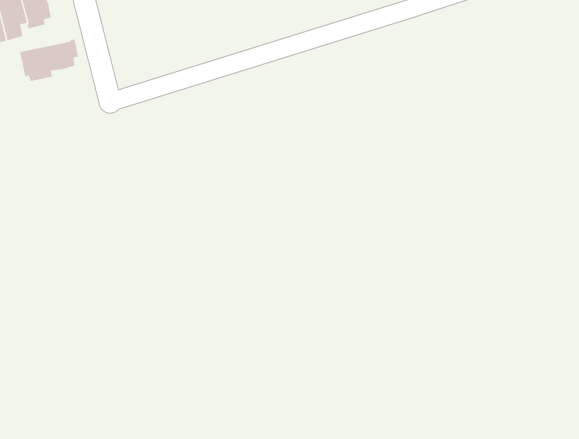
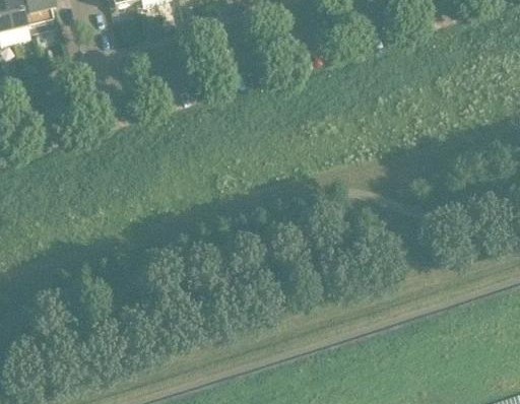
building: [19,38,79,82] -> none

